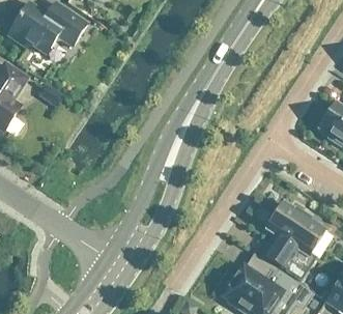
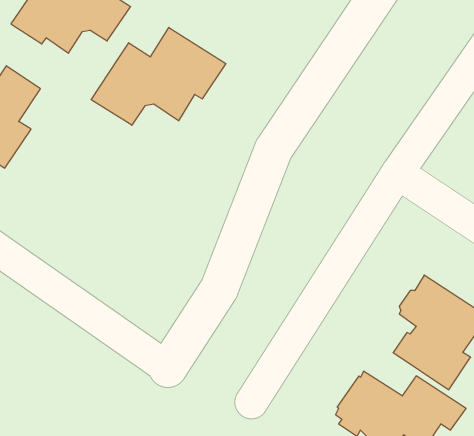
building: none -> [91,27,226,125]

